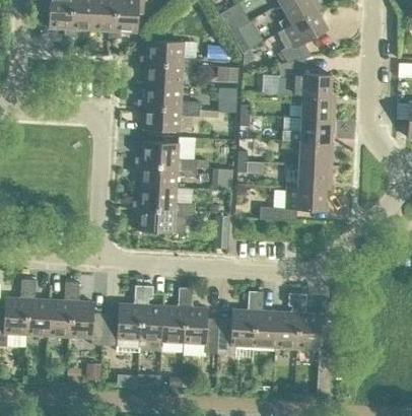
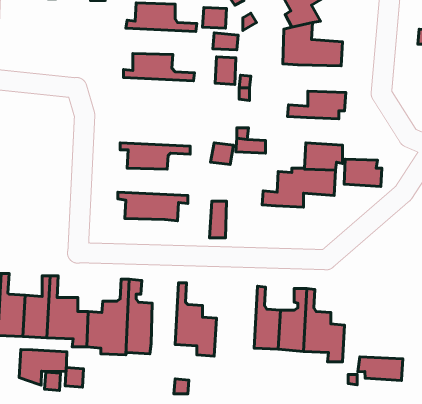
building: [140,63,202,86] -> none
building: [291,95,335,120] -> none
building: [138,107,200,131] -> none
building: [135,142,198,167] -> none
building: [299,142,333,166] -> [344,159,382,187]
building: [133,187,195,211] -> none
building: [162,287,187,343] -> none
building: [218,291,257,354] -> none
building: none -> [19,350,67,385]
building: none -> [358,357,403,380]

